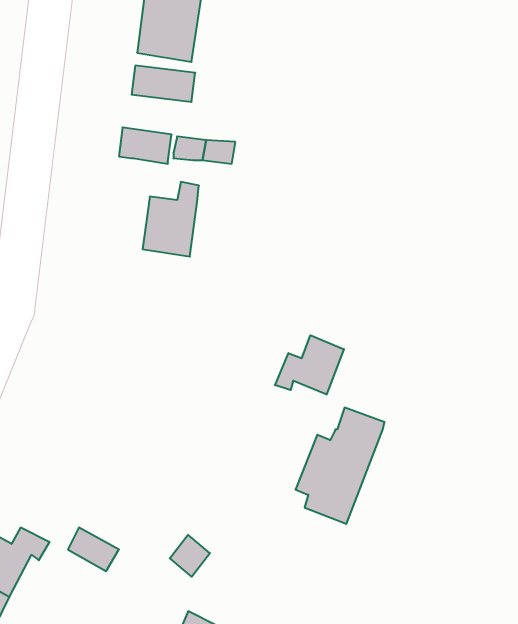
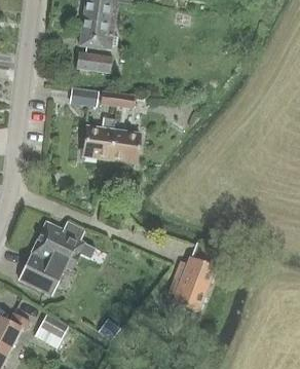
building: none -> [109,128,140,162]
building: [275,335,344,395] -> none
building: none -> [18,221,87,294]

